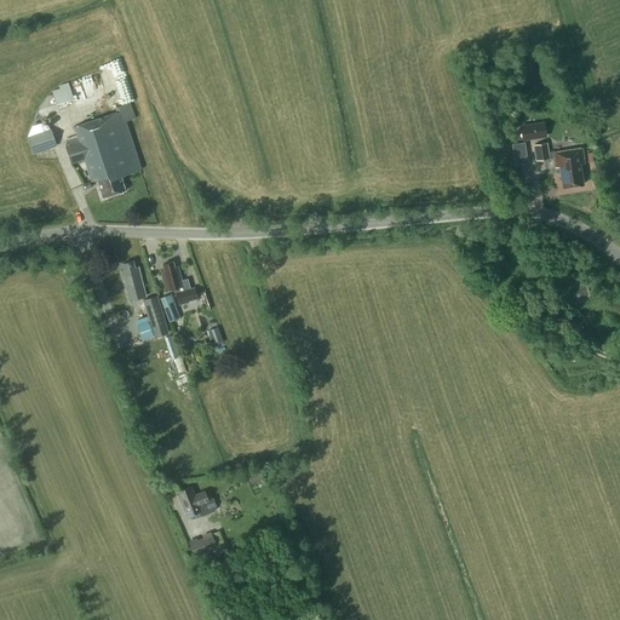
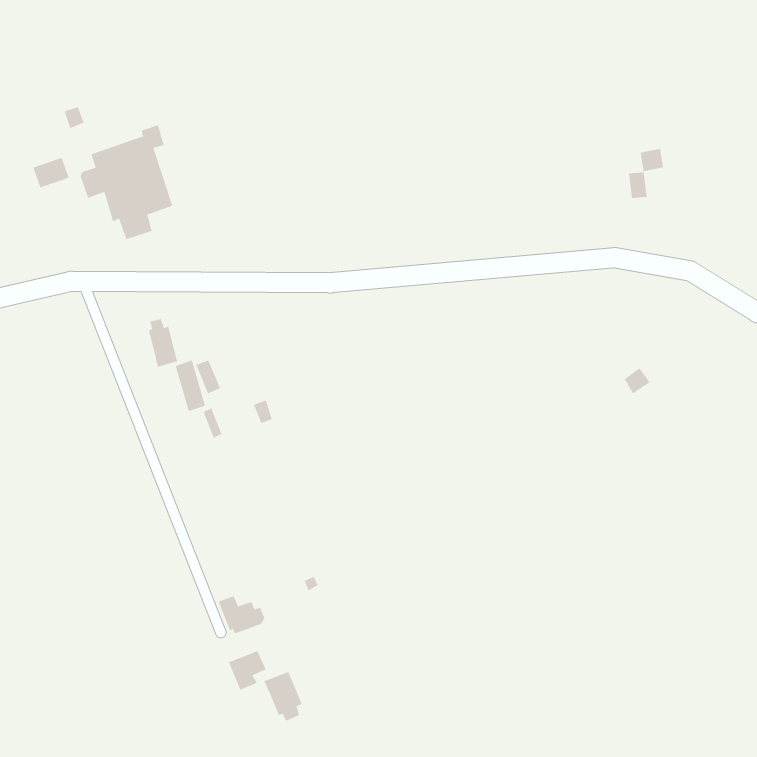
building: [534,143,585,186] -> none
building: [161,262,196,304] -> none
building: none -> [264,671,303,721]

